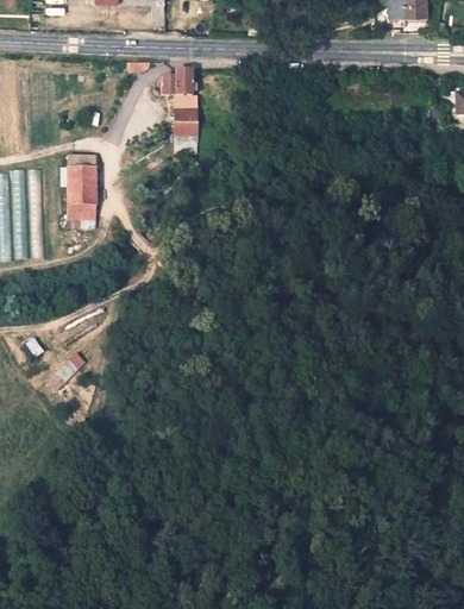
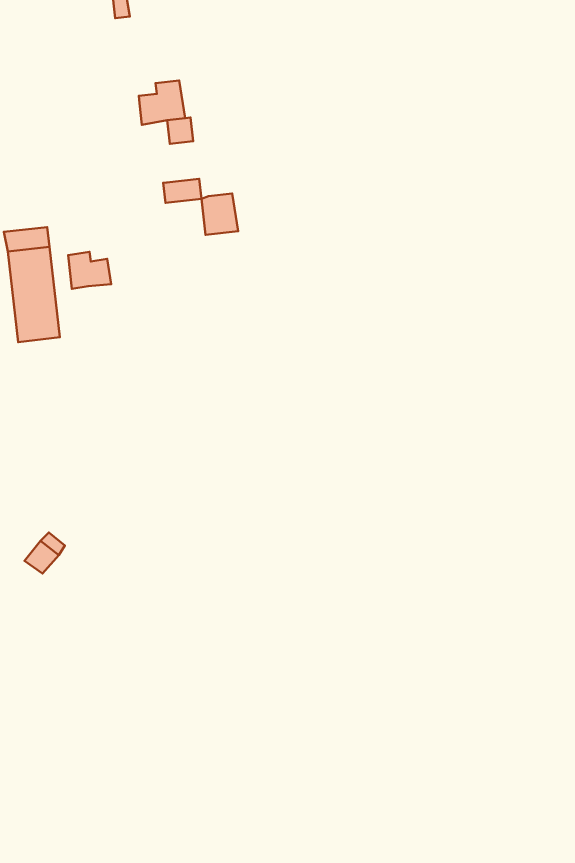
building: [176,106,197,131] -> [202,193,238,235]
building: none -> [68,252,111,289]

